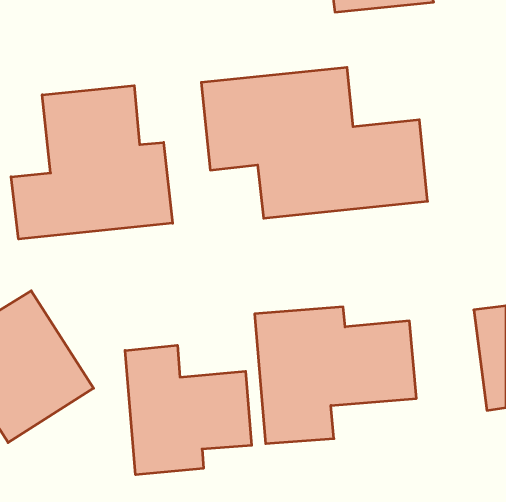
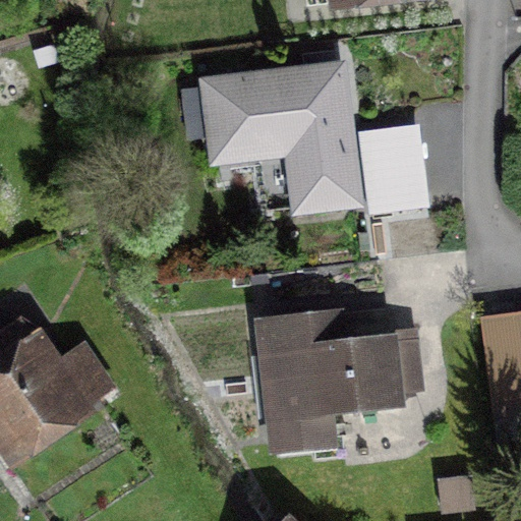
building: [11,86,173,239] -> none
building: [125,345,252,475] -> none

